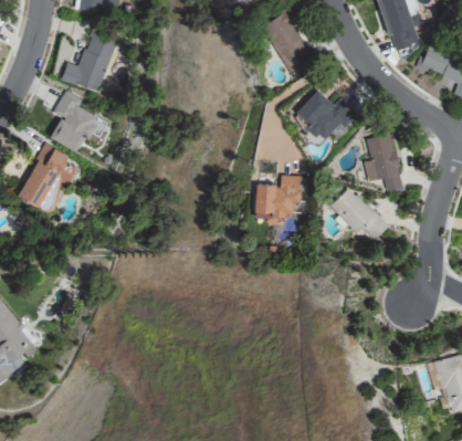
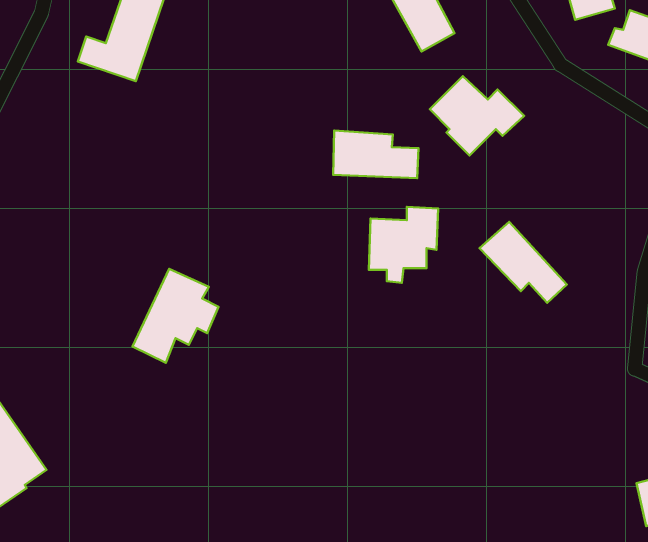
building: [49,91,98,153] -> none
building: none -> [333,131,418,178]
building: [364,133,402,192] -> none
building: [18,144,75,207] -> [133,269,219,363]

